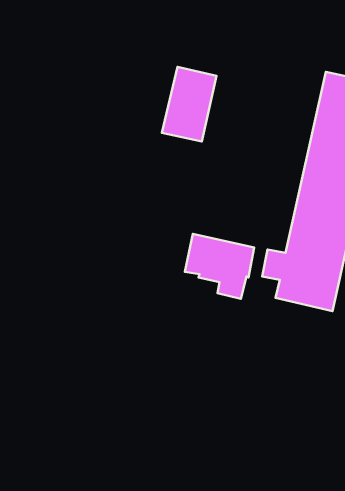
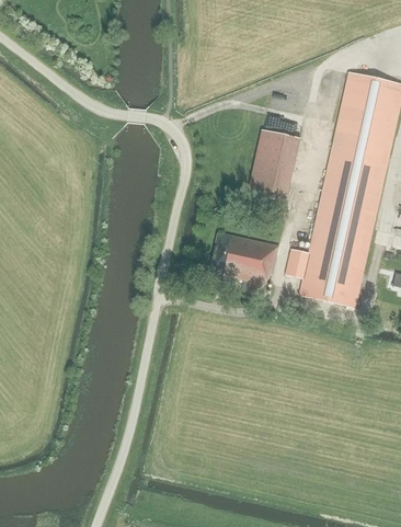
building: [162,67,216,142] -> [247,128,300,202]

